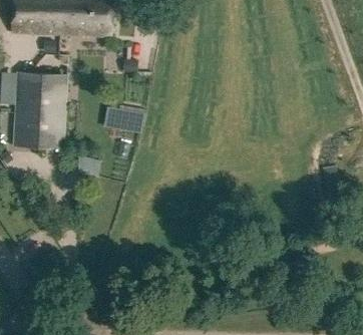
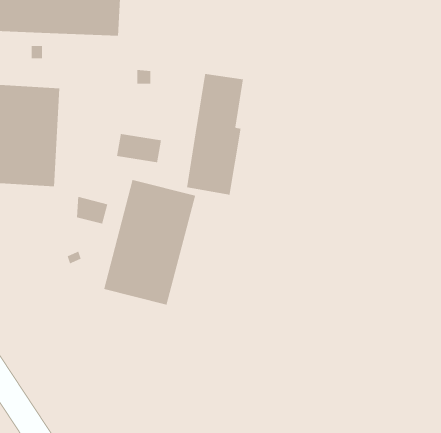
building: none -> [186,73,243,196]
building: none -> [103,179,196,306]

